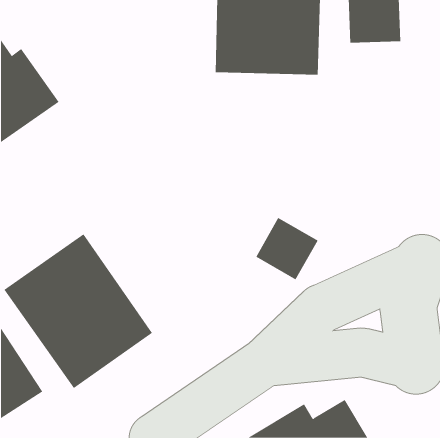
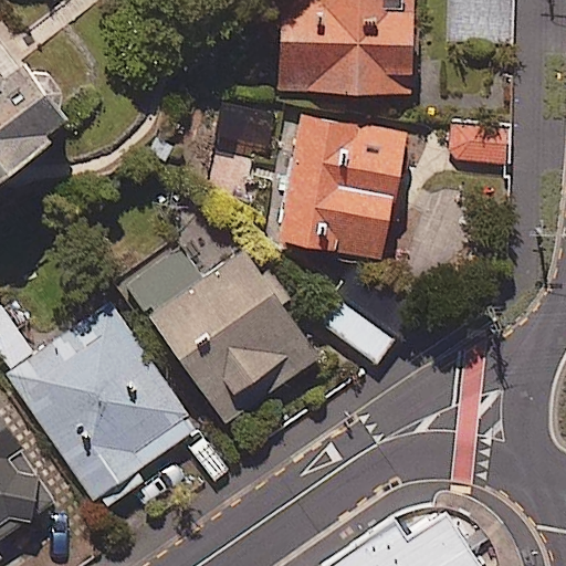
building: none -> [270,109,406,263]
building: none -> [123,243,317,426]

